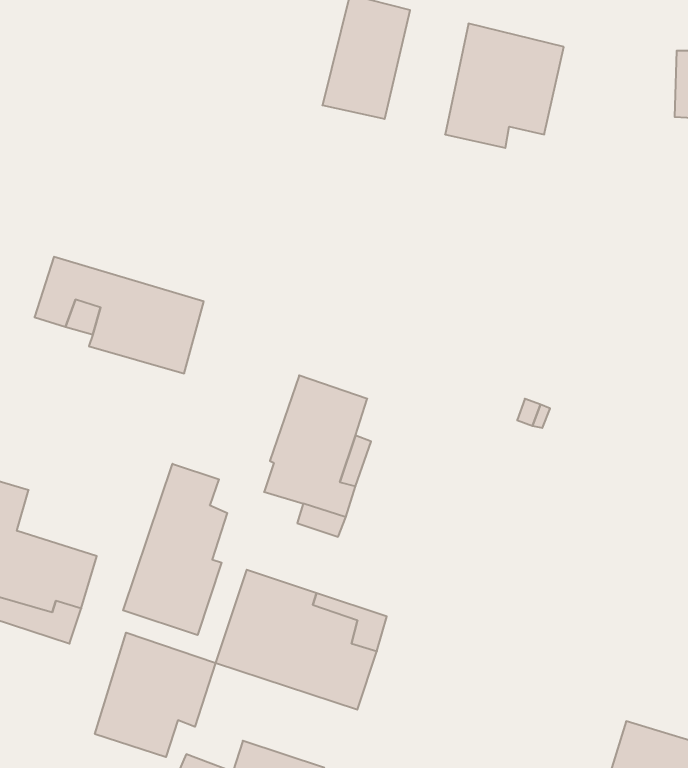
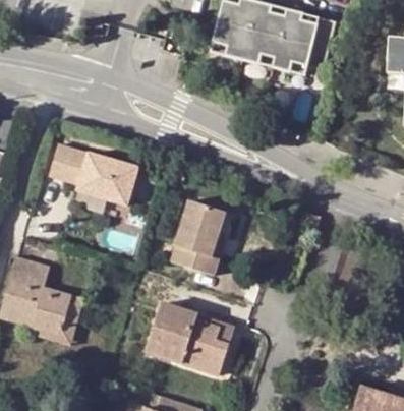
building: none -> [235,11,279,76]
building: [123,464,227,635] -> none
building: [95,633,215,757] -> none

